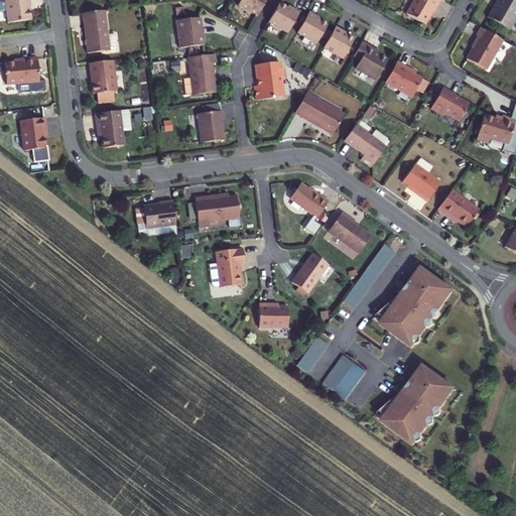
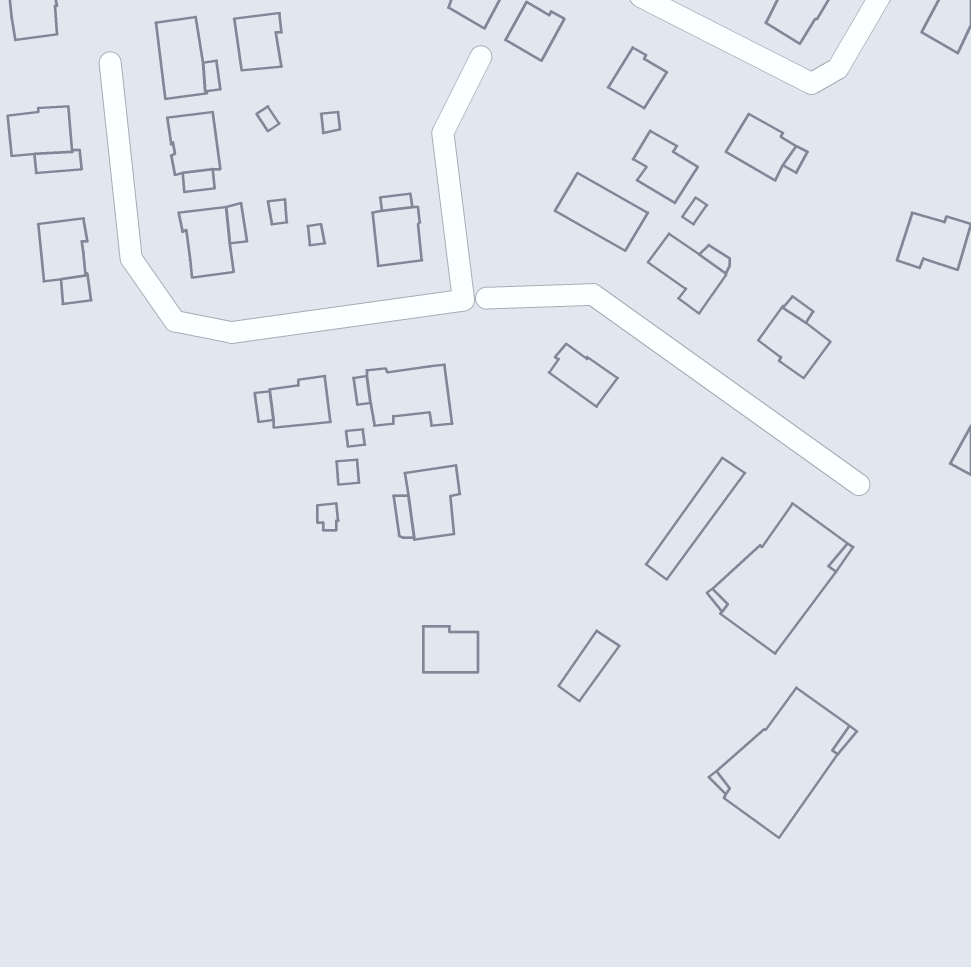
building: [296,10,328,42] -> none
building: [175,16,201,46] -> [234,13,282,70]
building: [466,26,502,69] -> none
building: [353,40,387,79] -> [633,131,698,203]
building: [188,52,215,94] -> none
building: [254,60,283,99] -> none
building: [430,86,469,120] -> none
building: [437,188,478,226] -> none
building: [328,211,371,252] -> none
building: [291,252,329,292] -> none
building: [258,302,287,327] -> [423,626,478,672]
building: [322,354,366,399] -> none

